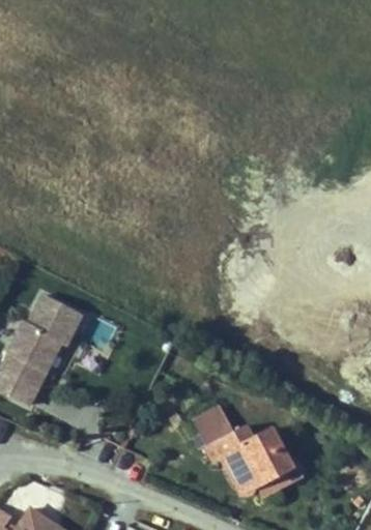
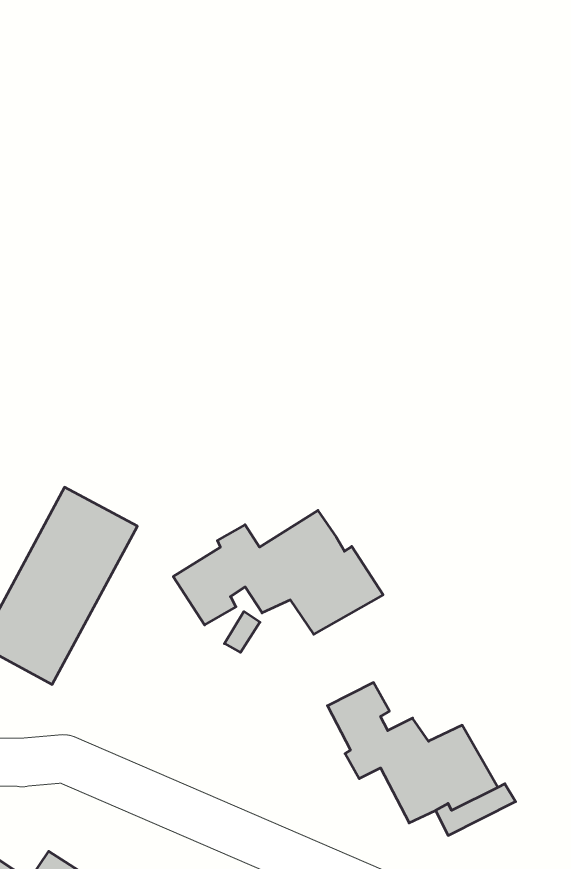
building: none -> [173,510,383,634]

